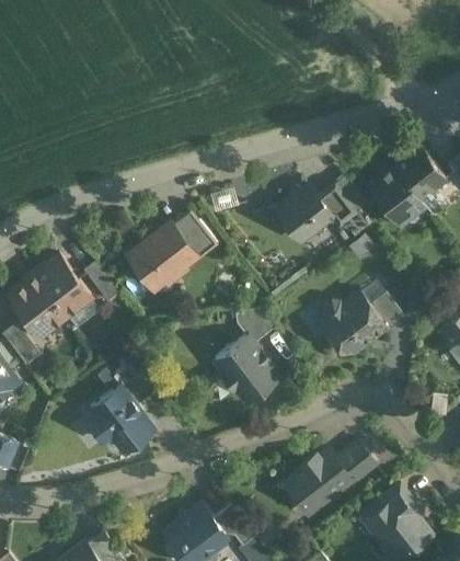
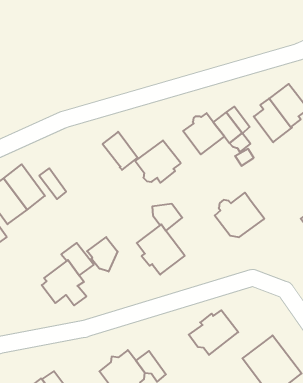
building: [131,228,193,285] -> [135,140,181,183]
building: [369,294,405,333] -> none
building: none -> [87,237,118,272]
building: [336,445,376,484] -> none

